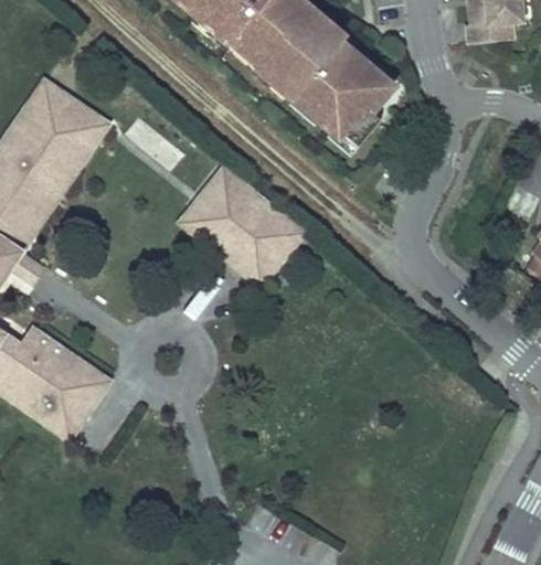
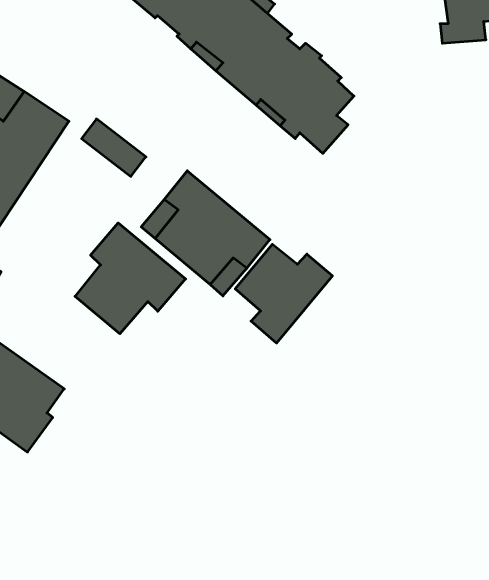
building: none -> [75,223,186,334]
building: none -> [235,244,332,343]

